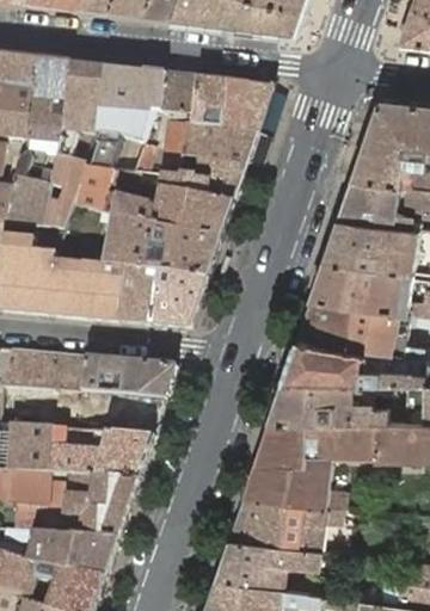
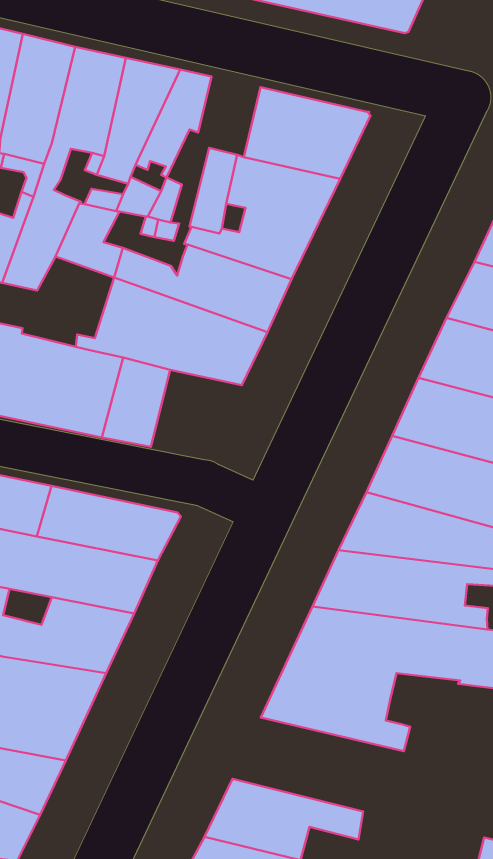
building: [159,72,197,113] -> none
building: [150,270,207,327] -> none
building: [229,494,342,549] -> none

